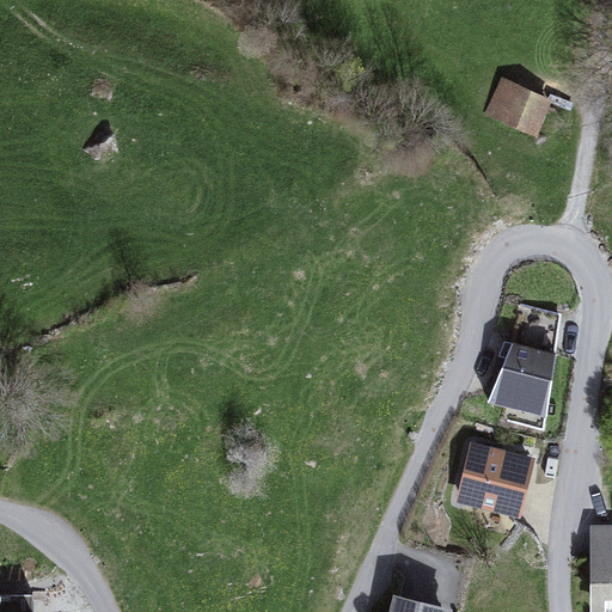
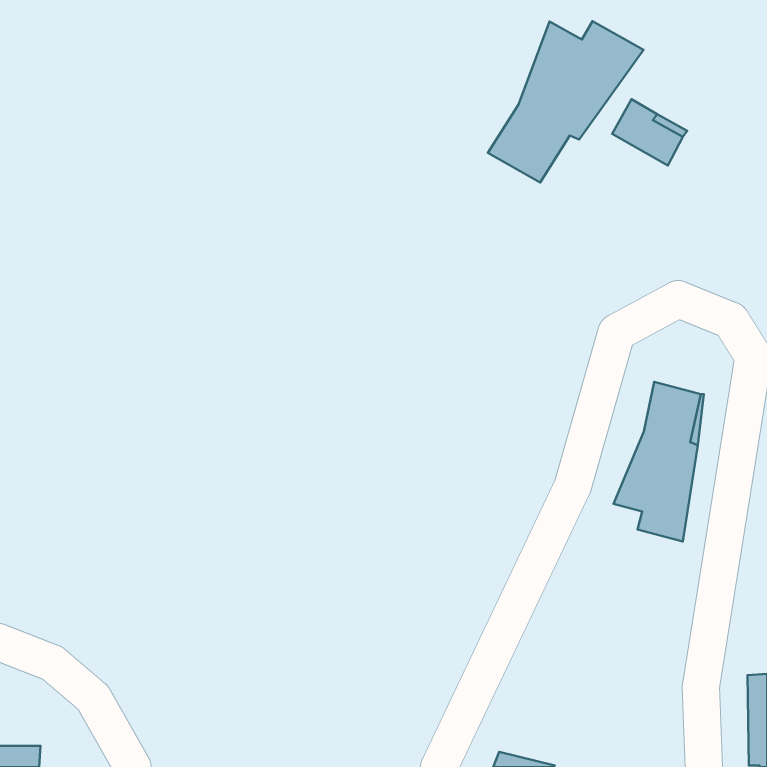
building: none -> [488,21,644,183]
building: [460,447,528,512] -> none

